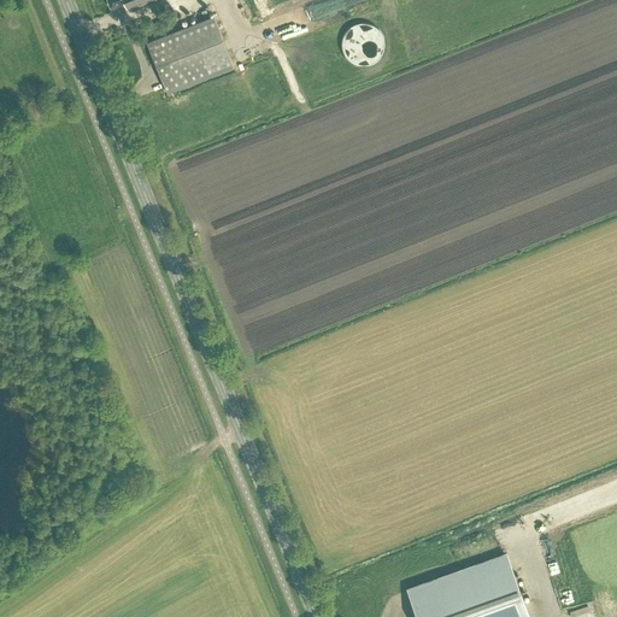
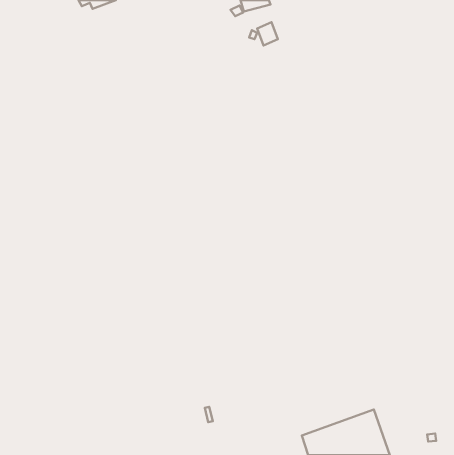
building: [145,16,231,92] -> none

